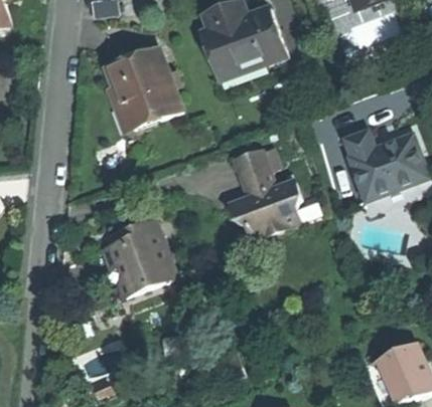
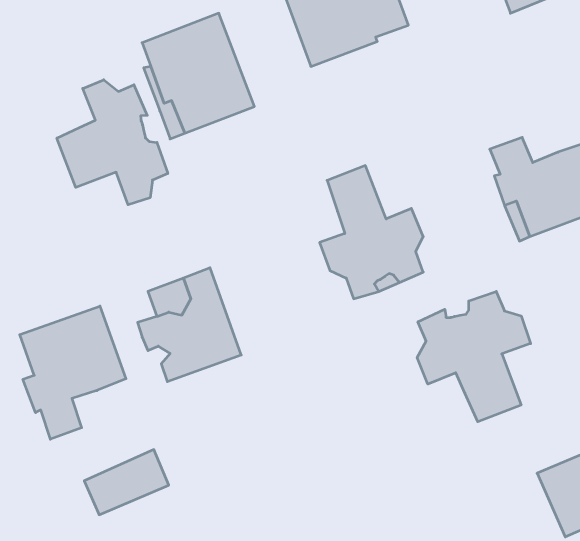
building: none -> [57,80,168,205]
building: none -> [417,291,531,422]
building: none -> [20,306,126,439]

